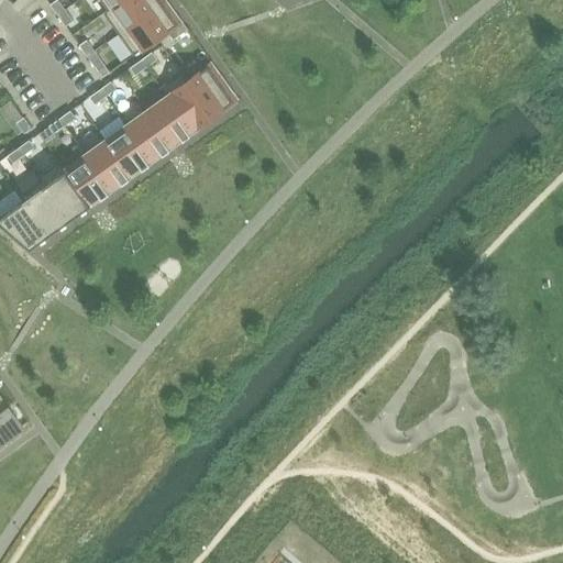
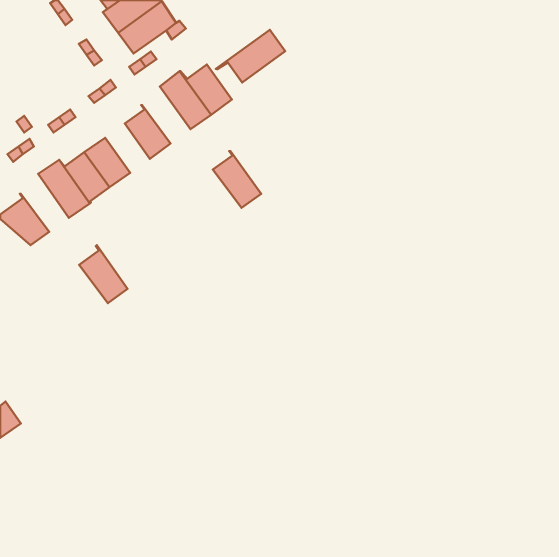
building: none -> [216,30,285,82]
building: [143,89,191,146] -> [213,151,261,208]
building: [106,126,151,176] -> none
building: [21,177,69,235] -> [79,245,127,303]

